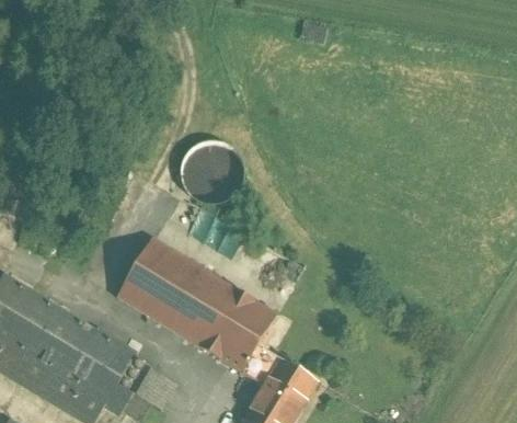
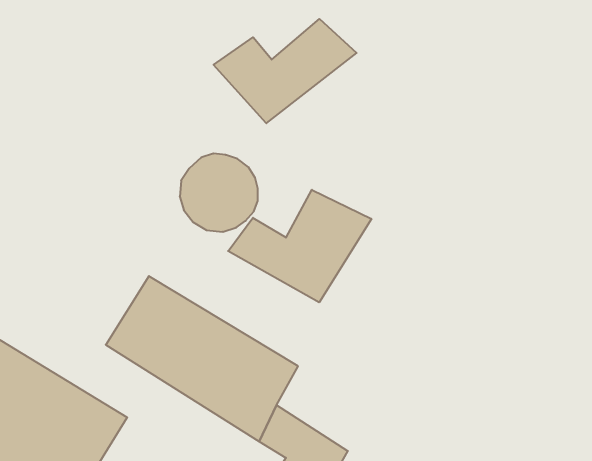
building: none -> [214,19,357,123]
building: none -> [228,190,371,302]

